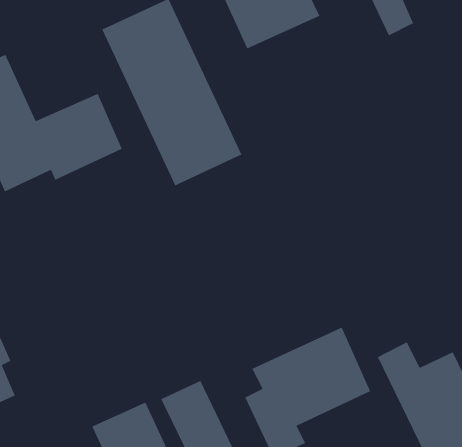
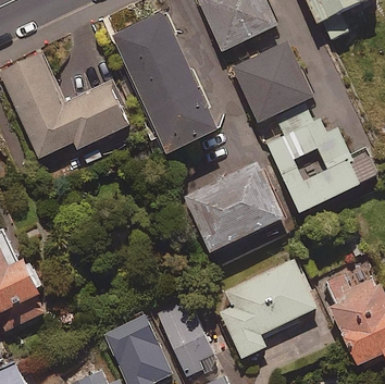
building: none -> [232,40,311,122]
building: none -> [265,109,376,212]
building: none -> [183,162,283,252]

